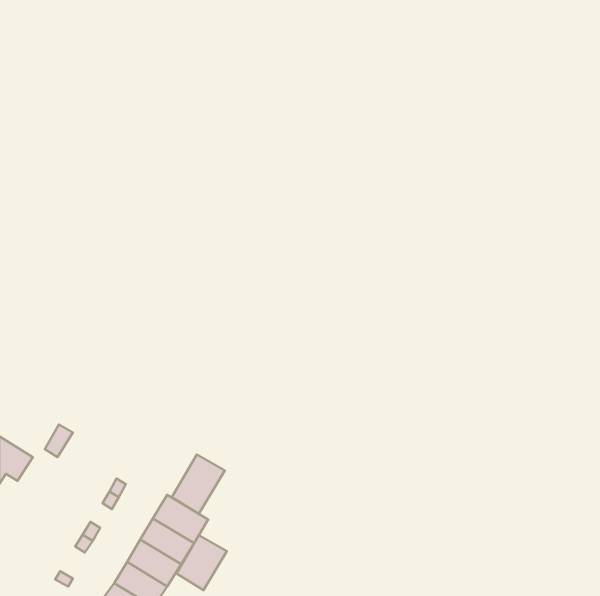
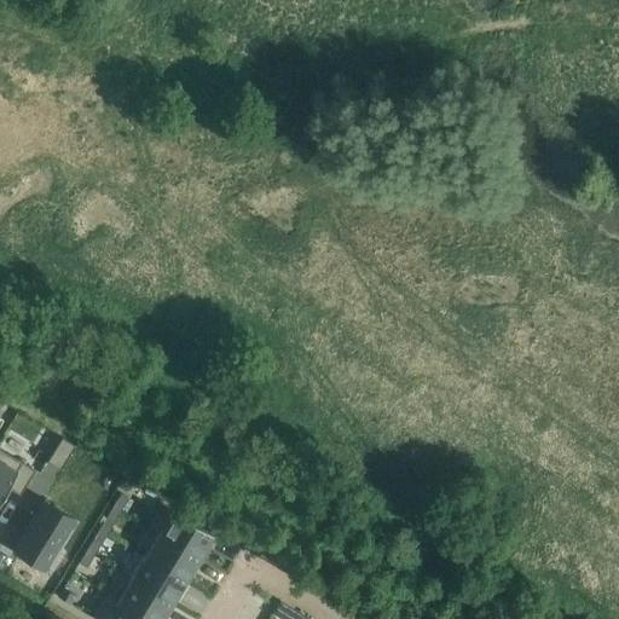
building: [172,454,225,514] -> none
building: none -> [15,507,73,572]
building: [177,535,227,590] -> none

